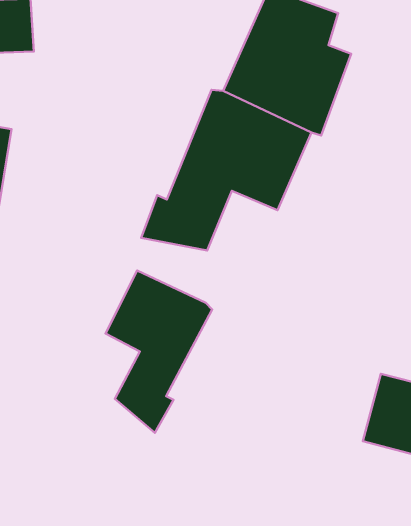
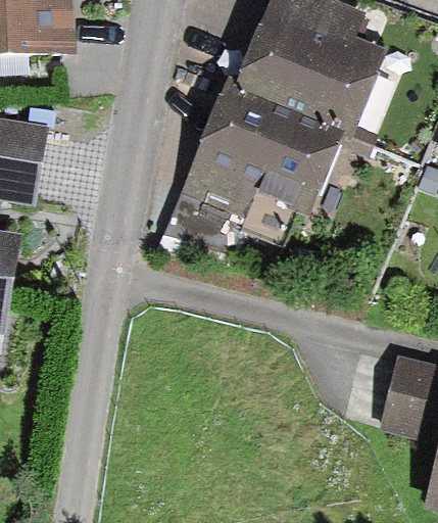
building: [106,271,212,433] -> none

